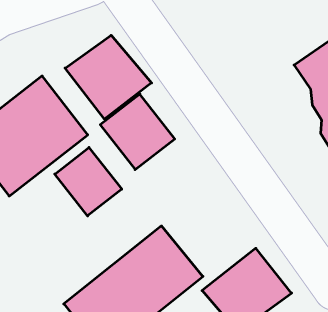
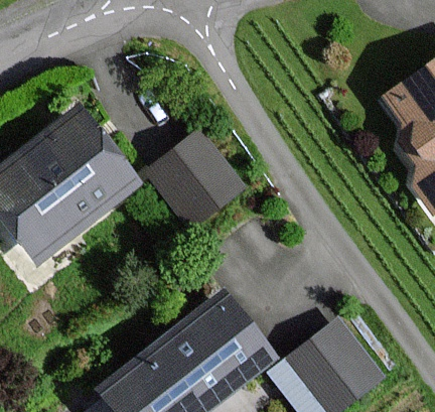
building: [65,35,152,119] -> none
building: [55,147,122,216] -> none

